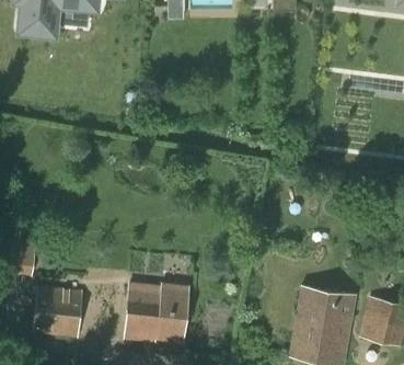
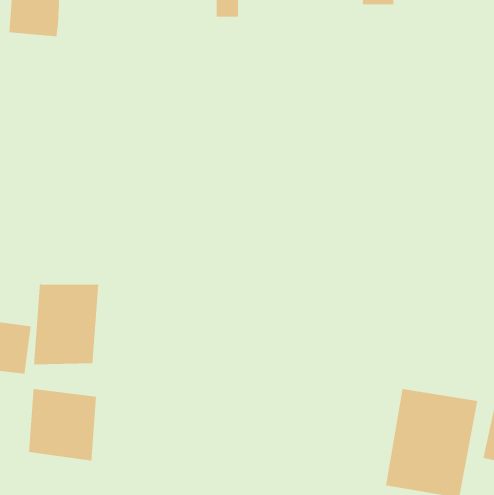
building: none -> [33,283,99,365]
building: [125,285,188,341] -> none

